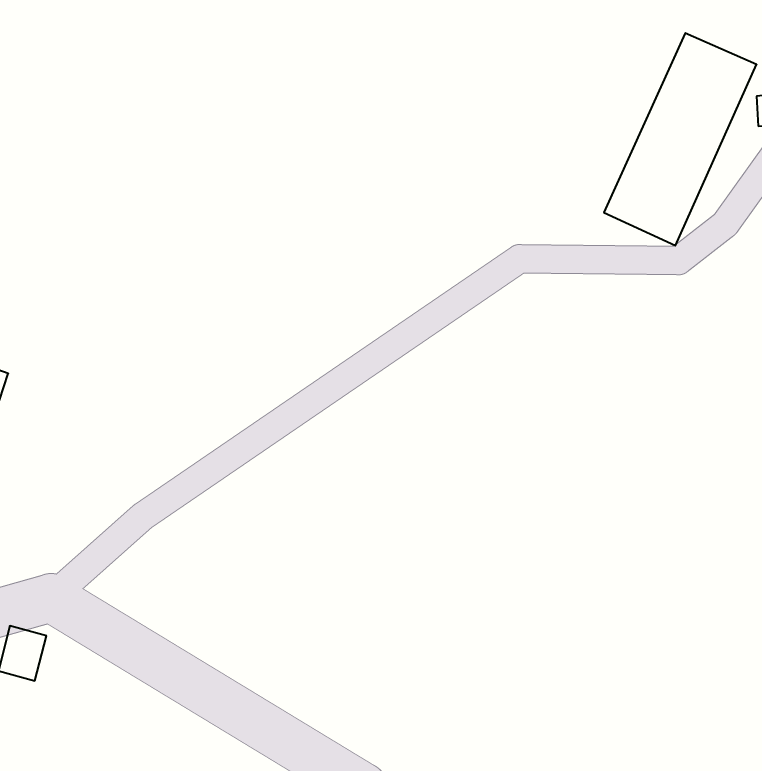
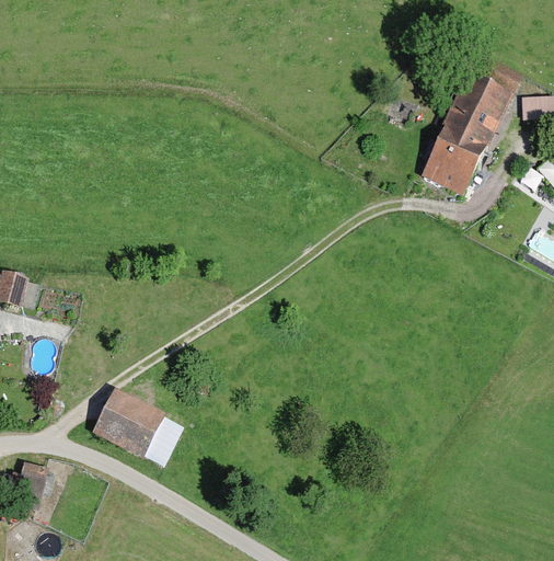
building: none -> [95,396,165,458]

